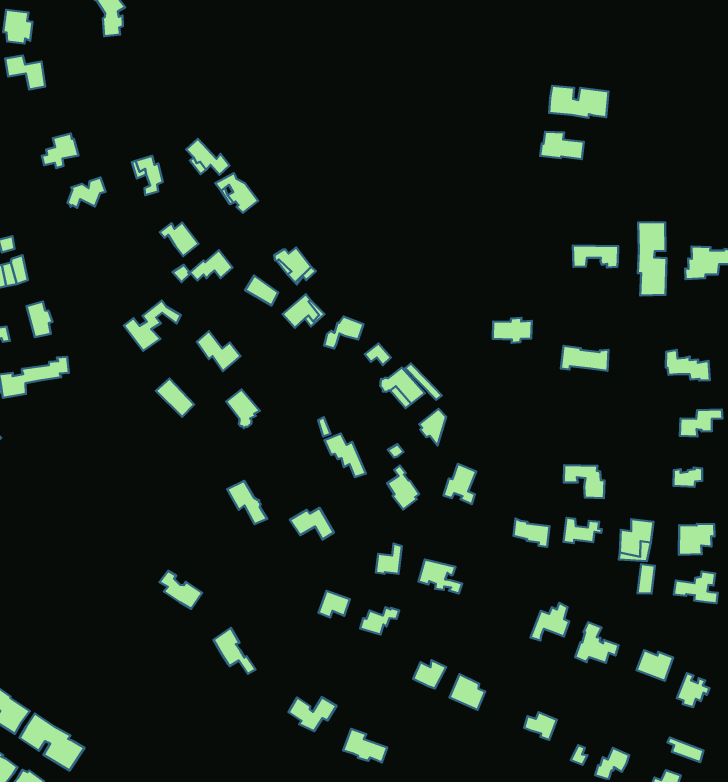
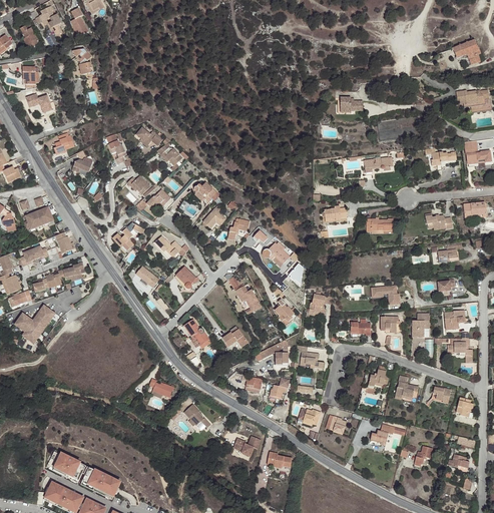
building: [549,86,609,118] -> none
building: [638,222,666,296] -> none

